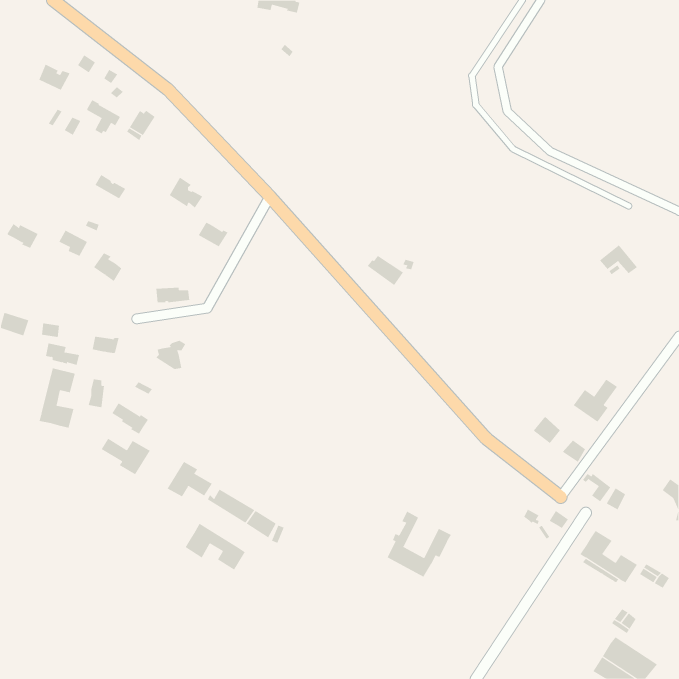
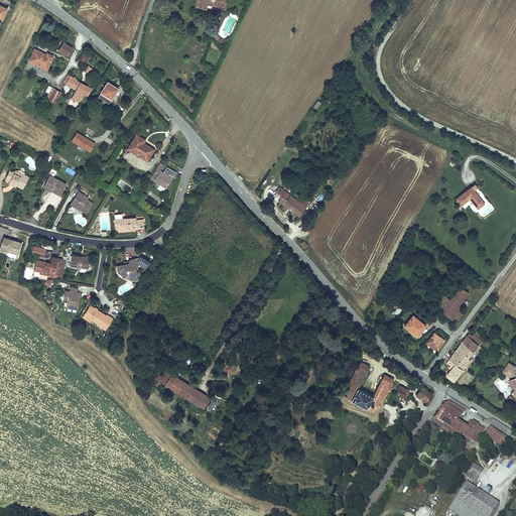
building: [39,368,76,428] -> none
building: [101,438,151,475] -> none
building: none -> [449,336,479,370]
building: [167,461,212,497] -> none
building: [387,511,452,577] -> [345,362,394,412]
building: [185,523,246,571] -> none

